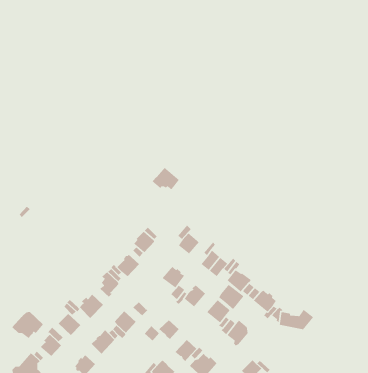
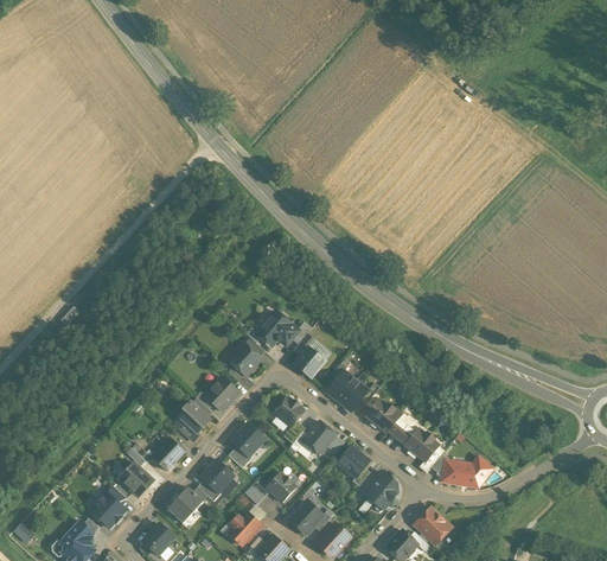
building: [151,167,180,190] -> [256,312,298,346]
building: [218,284,244,310] -> none
building: none -> [231,423,264,458]
building: [12,311,44,339] -> none
building: none -> [416,510,449,543]
building: none -> [229,514,260,546]

